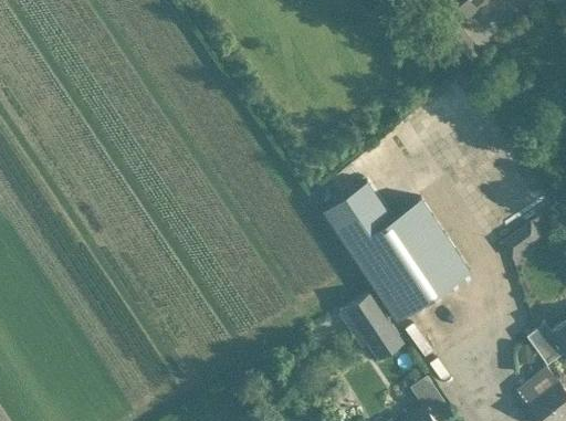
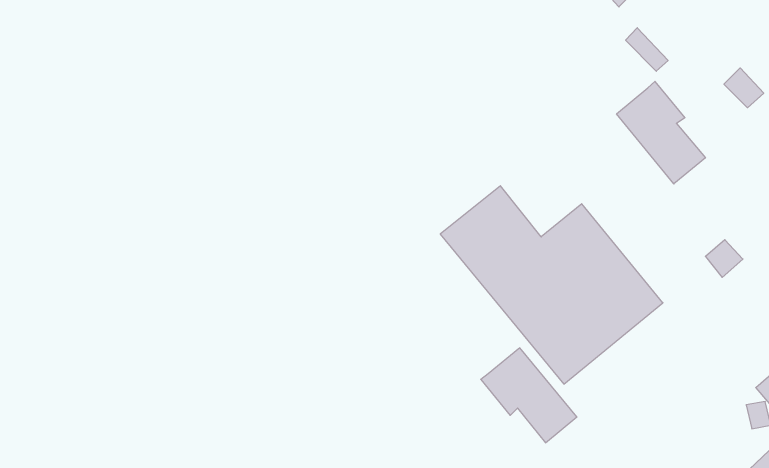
building: none -> [617,81,705,184]

